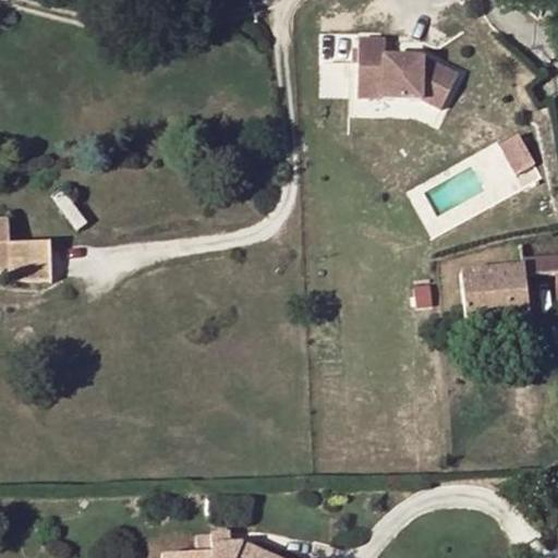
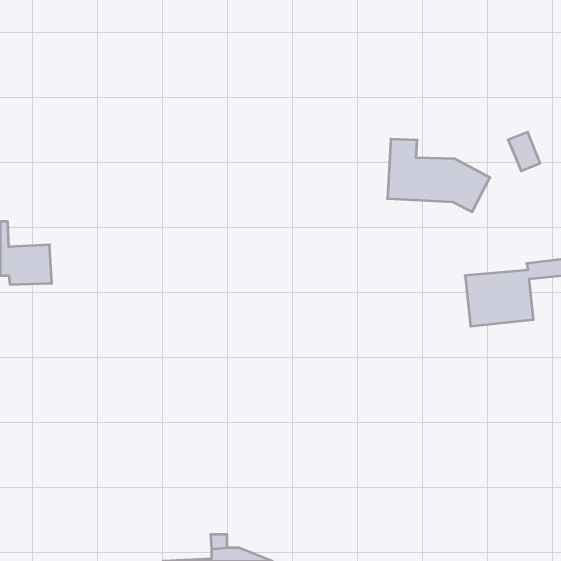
building: [354,35,456,107] -> [387,139,490,212]

